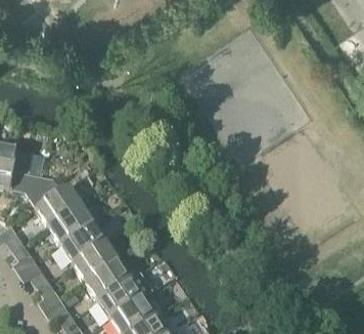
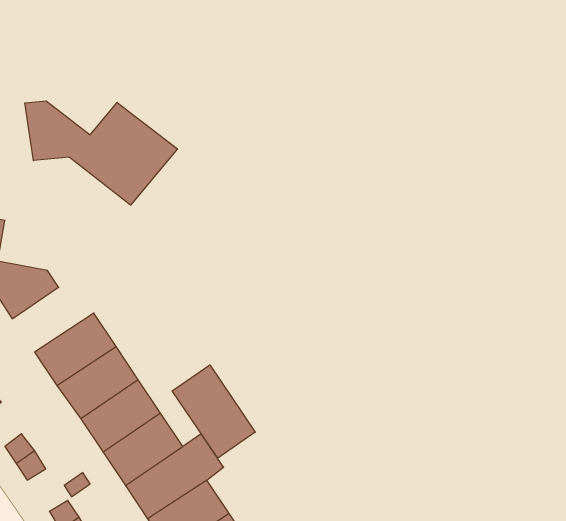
building: none -> [25,101,177,205]
building: [35,184,80,224] -> none
building: none -> [172,365,255,458]

